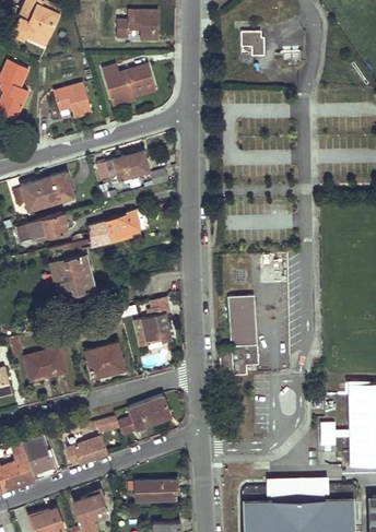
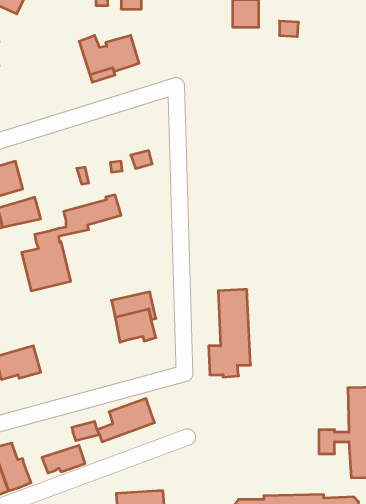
building: [54,83,92,118] -> none
building: [96,153,149,182] -> none
building: [44,173,73,204] -> none
building: [85,343,125,378] -> none

